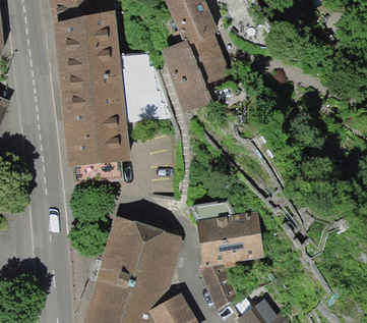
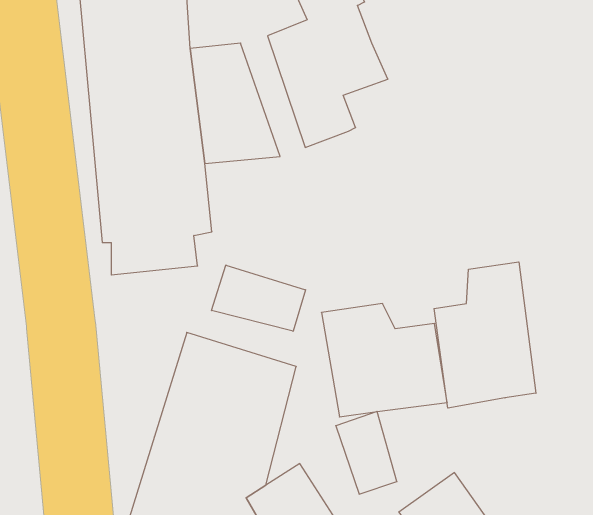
building: none -> [434,262,536,408]
building: none -> [212,265,306,331]

